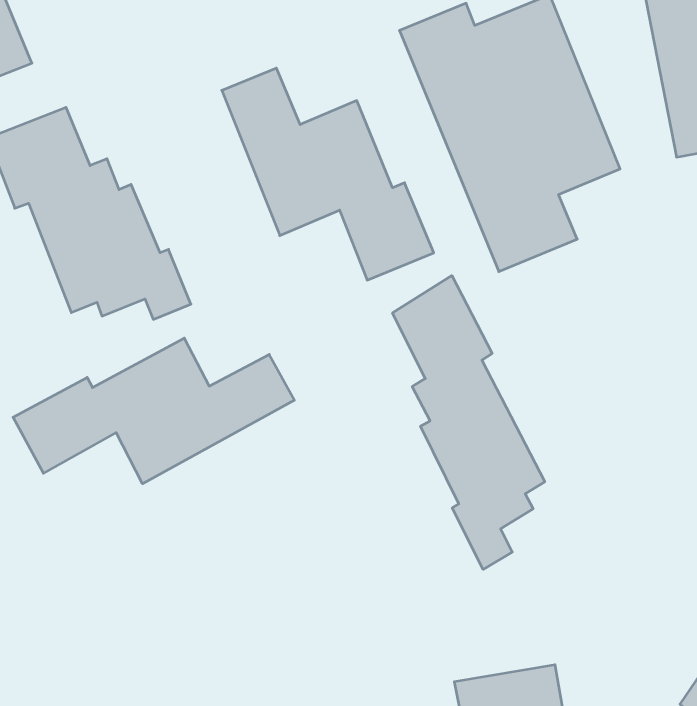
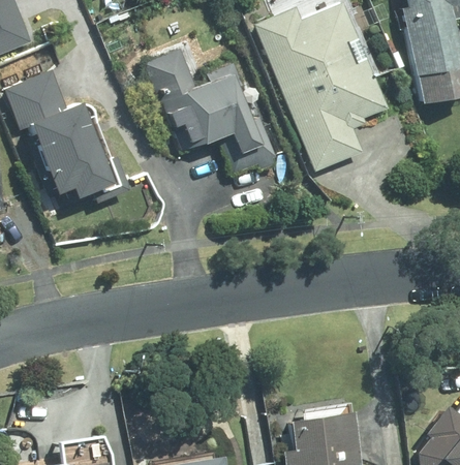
building: [393,276,545,569] -> none
building: [13,338,294,484] -> none

